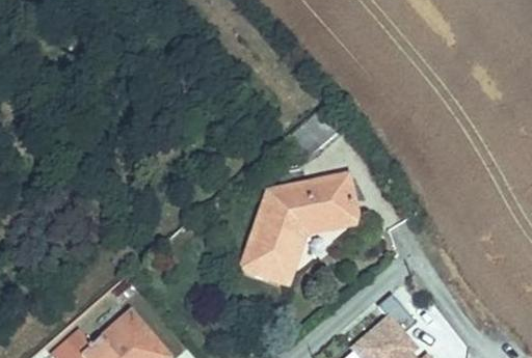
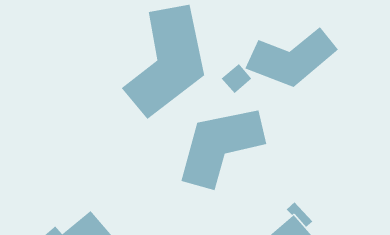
building: none -> [121,4,205,120]
building: none -> [245,26,339,88]

